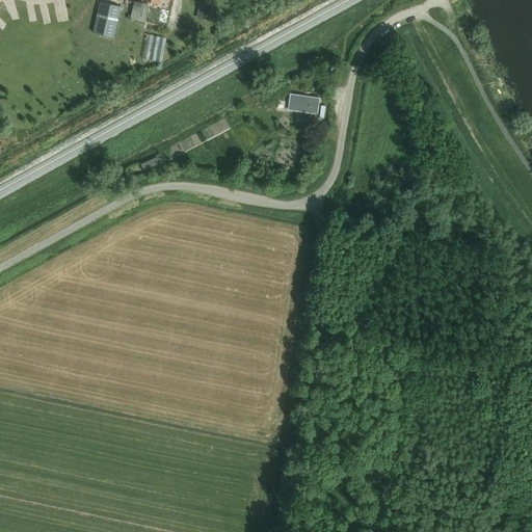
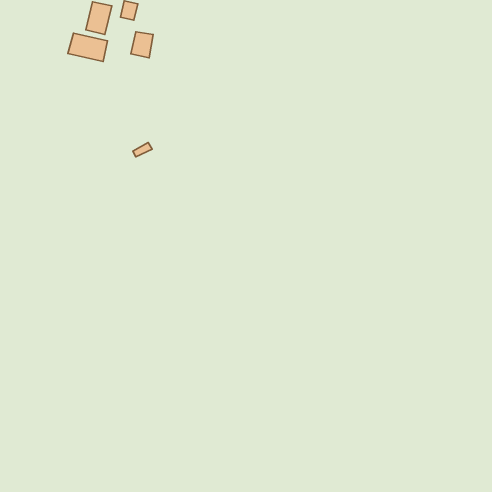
building: none -> [68,33,108,62]
building: [288,94,319,114] -> none

